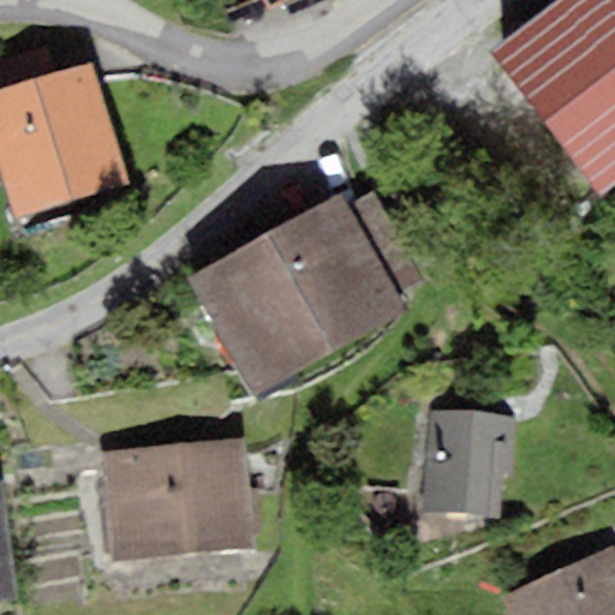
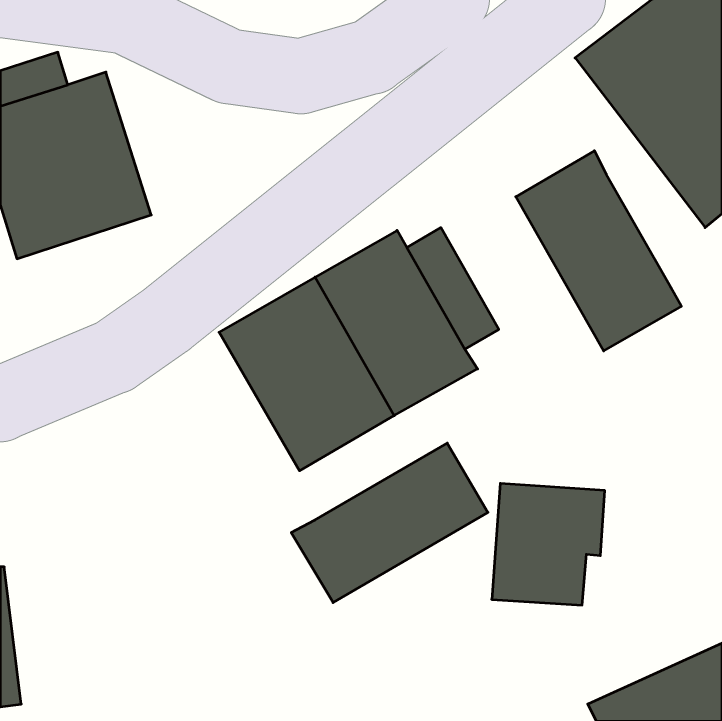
building: none -> [516,151,681,351]
building: none -> [291,443,488,603]
building: [98,437,252,559] -> none

